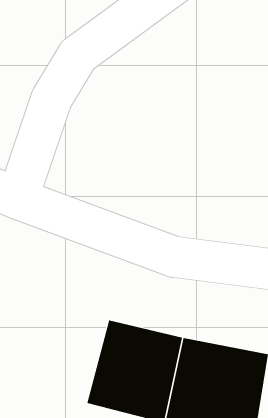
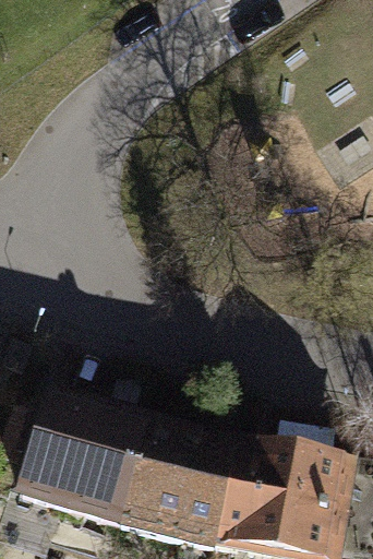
building: none -> [24,395,152,527]

